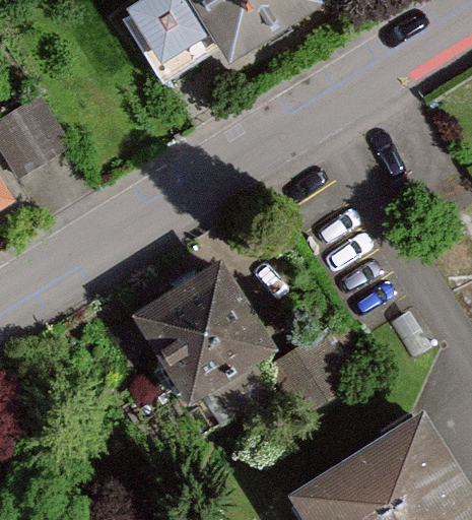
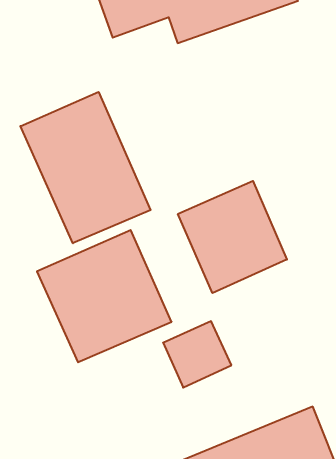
building: none -> [20,92,151,243]
building: none -> [178,181,287,293]

